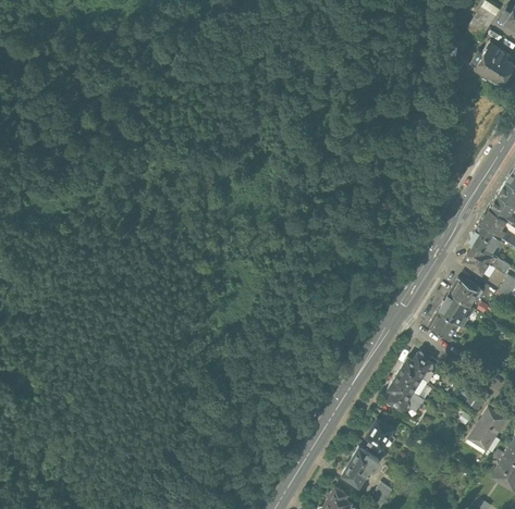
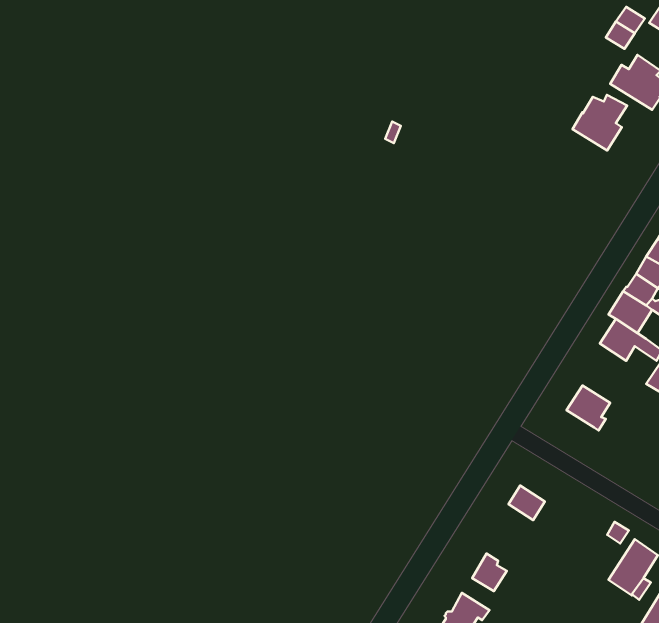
building: none -> [573,95,627,150]
building: [450,278,481,306] -> none
building: [429,311,458,339] -> none
building: [403,352,434,380] -> none
building: [388,382,413,411] -> none

